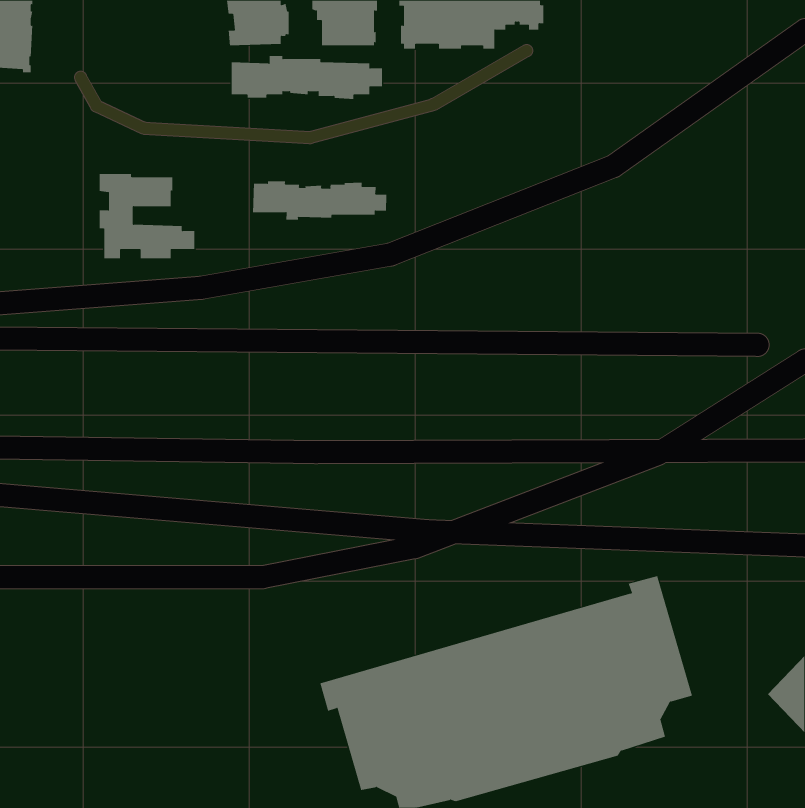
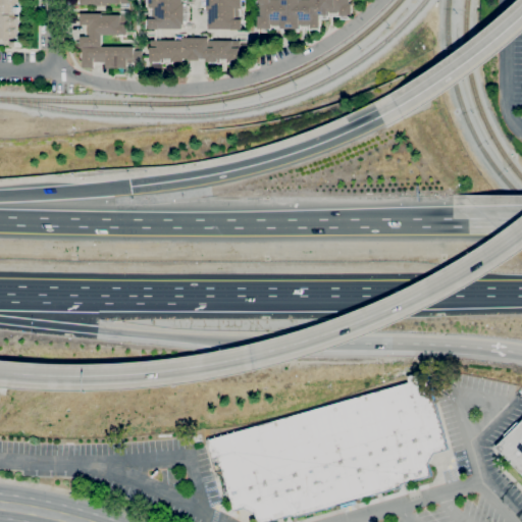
building: [99,174,195,259] -> [79,13,141,68]
building: [253,180,387,220] -> none

